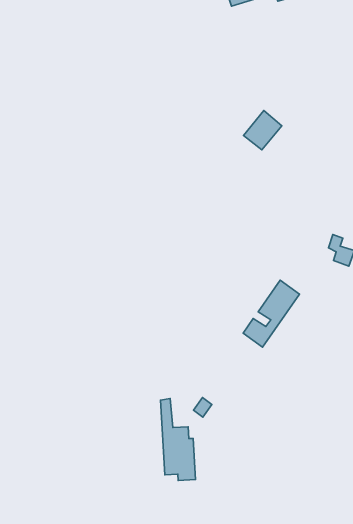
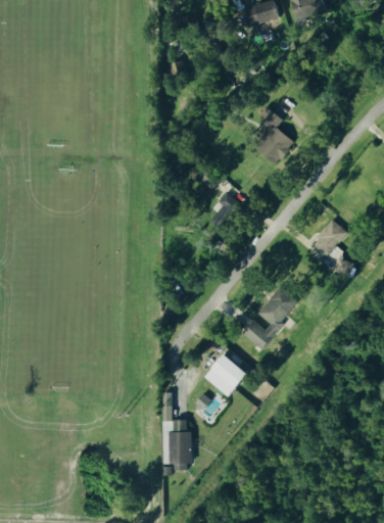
building: none -> [208,192,240,229]
building: none -> [310,219,346,255]
building: none -> [204,352,248,396]

